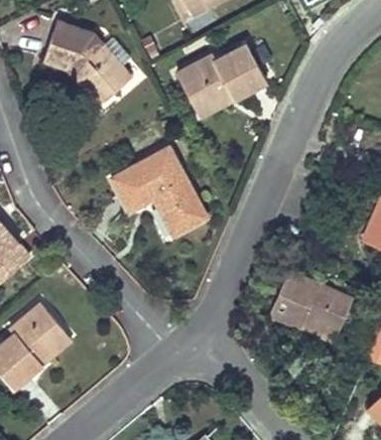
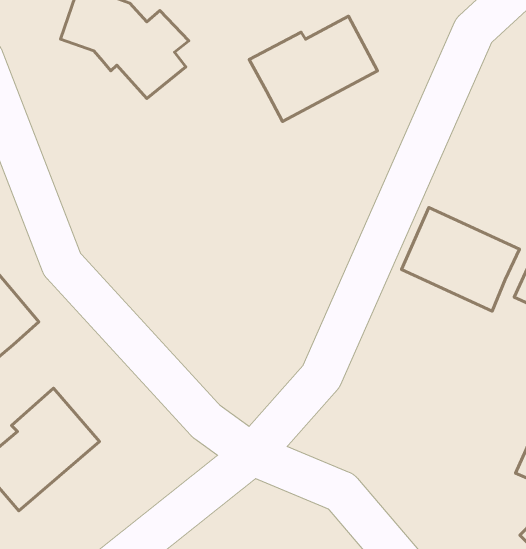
building: [112,148,207,236] -> none
building: [270,269,353,341] -> [402,207,520,311]

